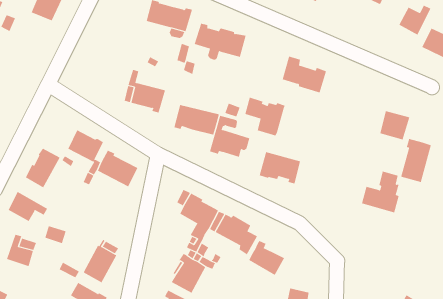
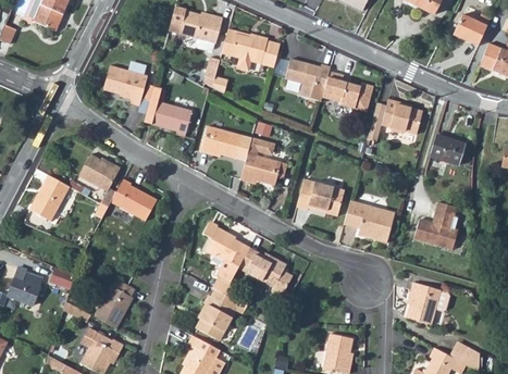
building: none -> [101,64,145,104]
building: none -> [365,99,421,140]
building: [244,97,286,136] -> [283,57,330,101]
building: [401,138,431,183] -> none
building: none -> [342,199,393,241]
building: [8,191,48,222] -> none
building: [248,240,285,276] -> none
building: none -> [407,279,450,322]

